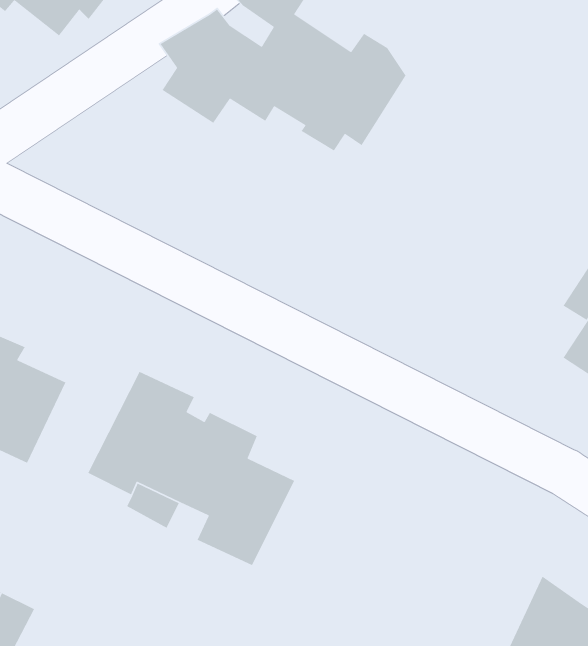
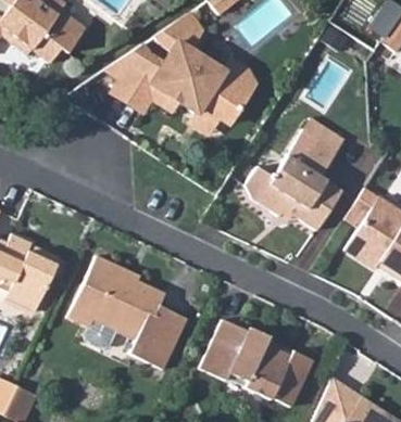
building: none -> [247,126,343,229]
building: none -> [198,322,312,407]

